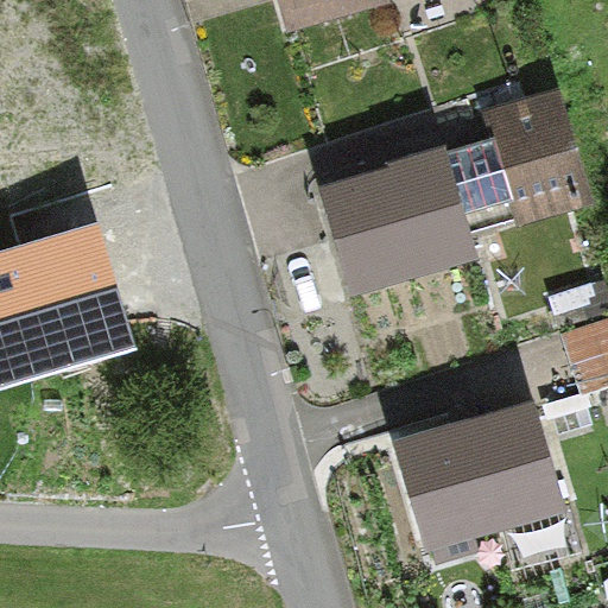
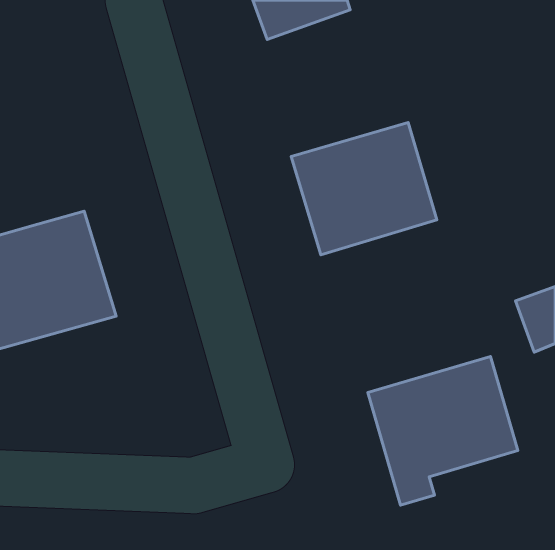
building: [489,87,594,220] -> none

